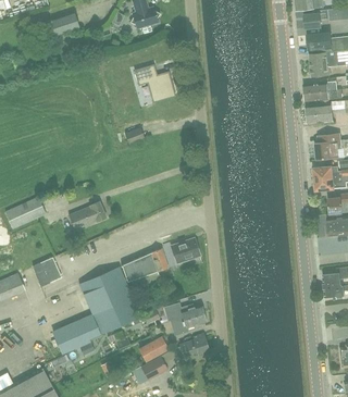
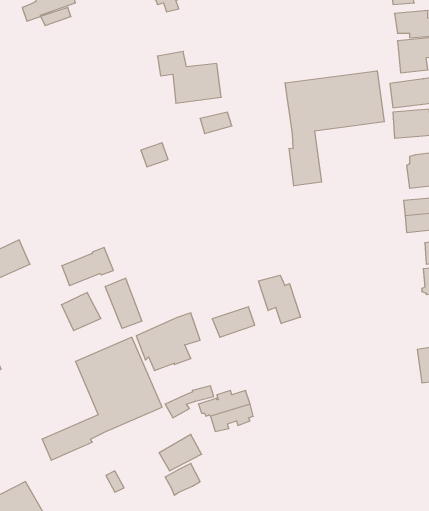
building: none -> [285,71,384,186]
building: none -> [259,275,301,324]
building: none -> [105,278,142,328]
building: [33,257,61,284] -> [61,293,101,331]
building: [173,333,209,360] -> none

